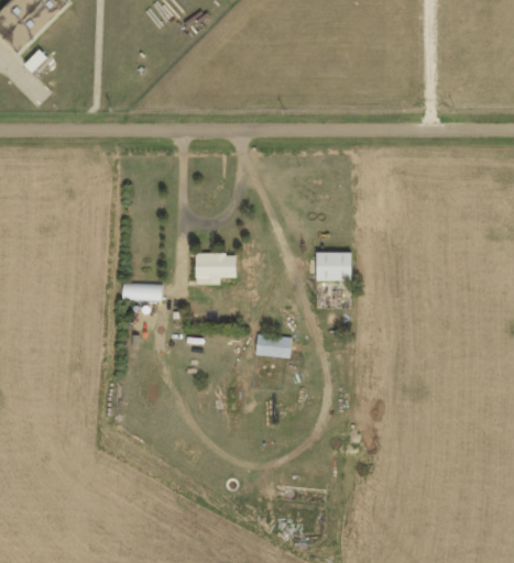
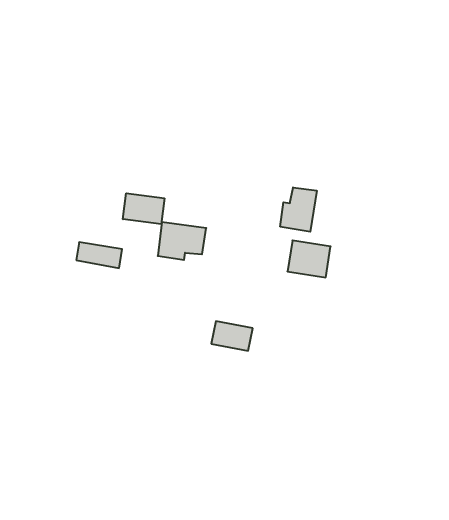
building: none -> [280,187,317,232]
building: none -> [123,193,164,224]

